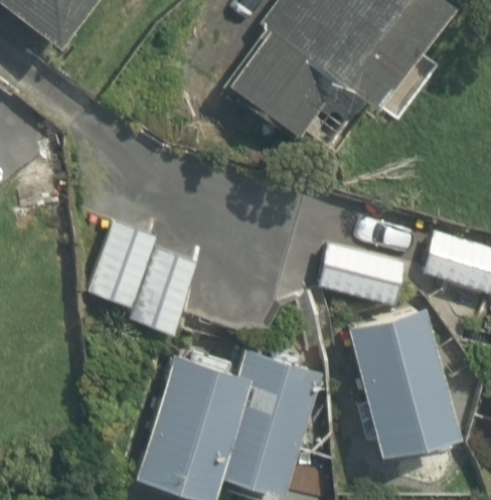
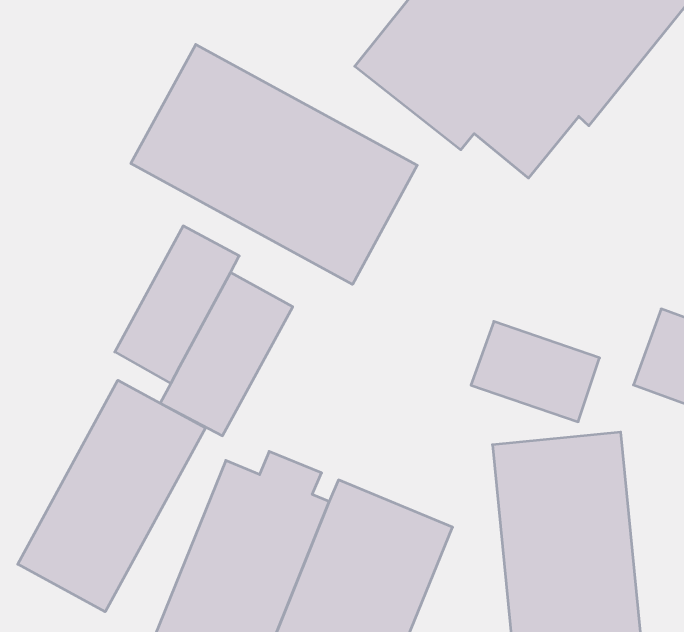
building: none -> [131,44,417,284]
building: none -> [18,380,205,612]

